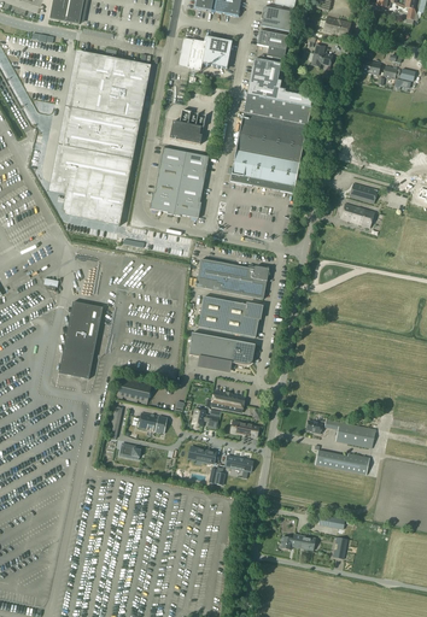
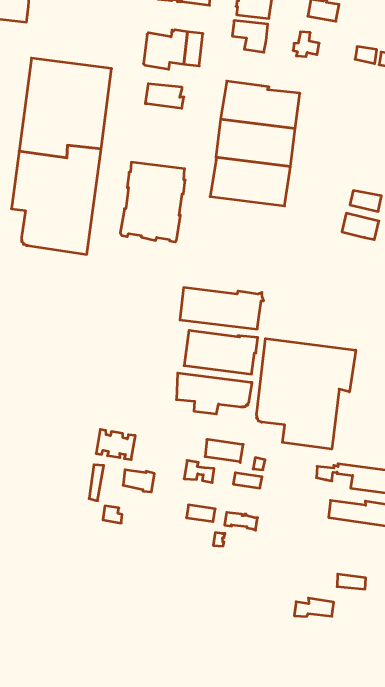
building: [248,58,280,88] -> none
building: [168,121,201,143] -> [145,84,184,108]
building: [59,301,103,377] -> none
building: none -> [256,339,356,449]

